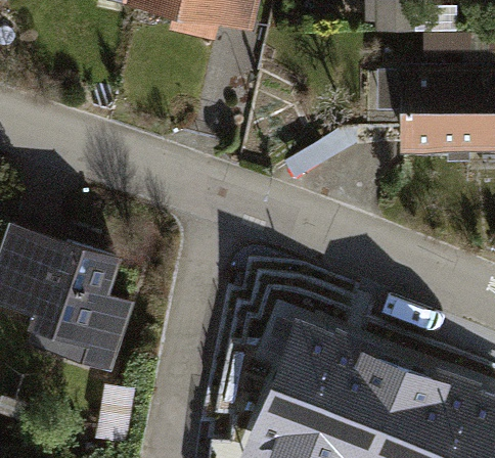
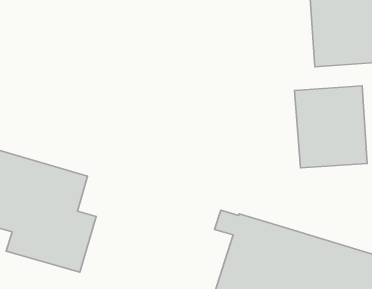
building: none -> [295,86,367,168]

